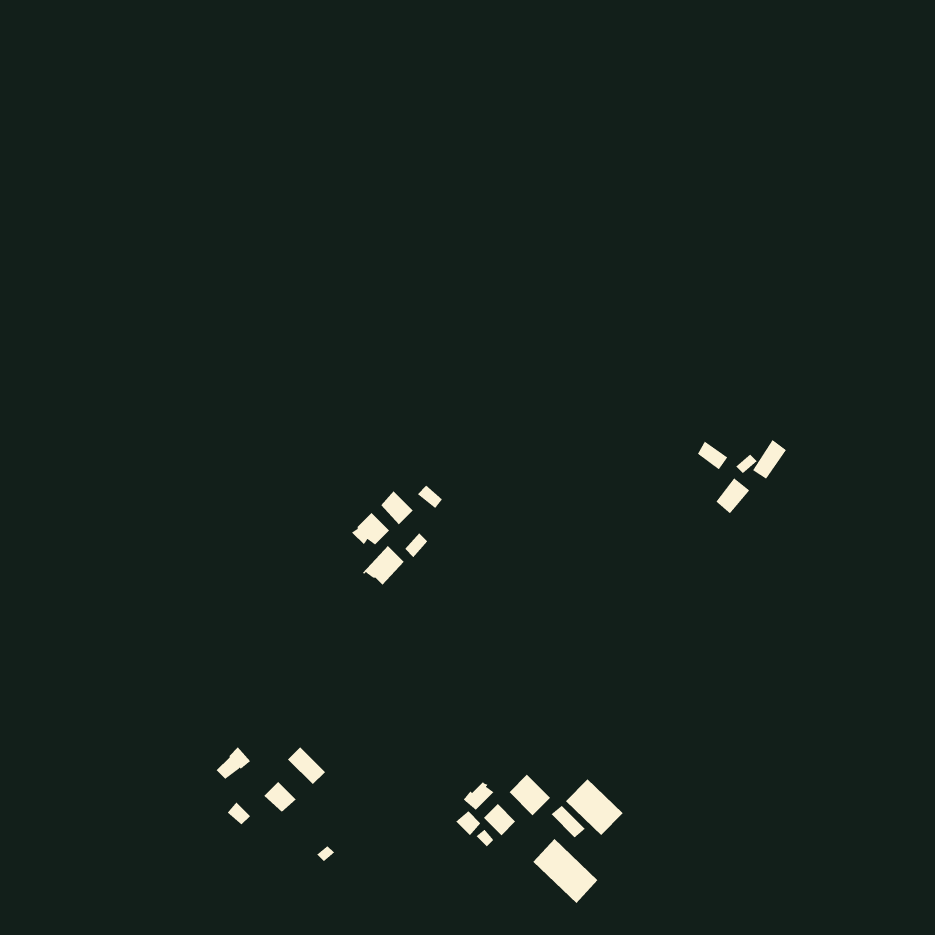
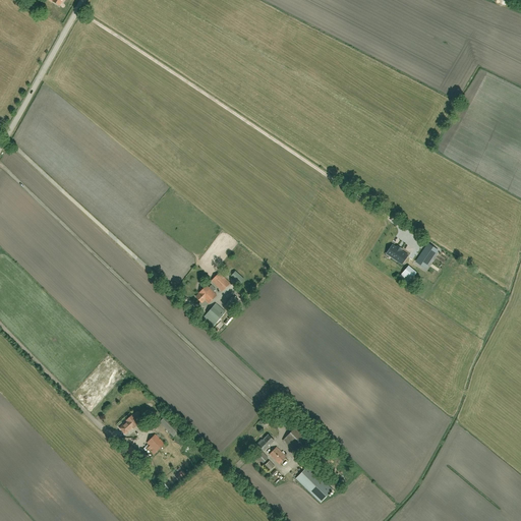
building: [565,778,624,836] -> none

